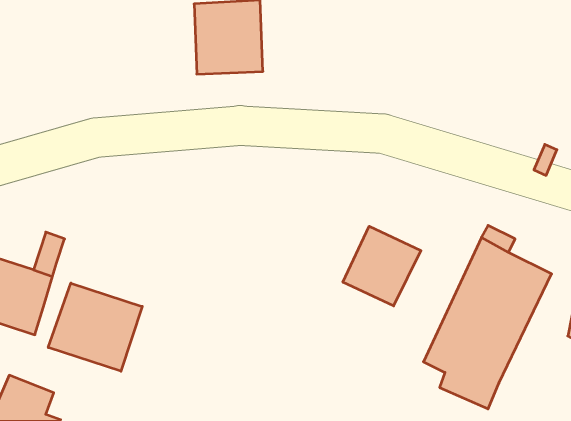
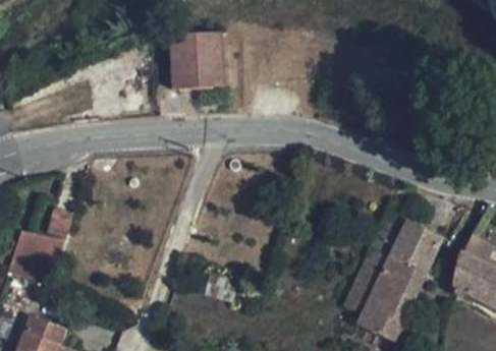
building: [343,226,421,306] -> none
building: [48,283,142,371] -> none

